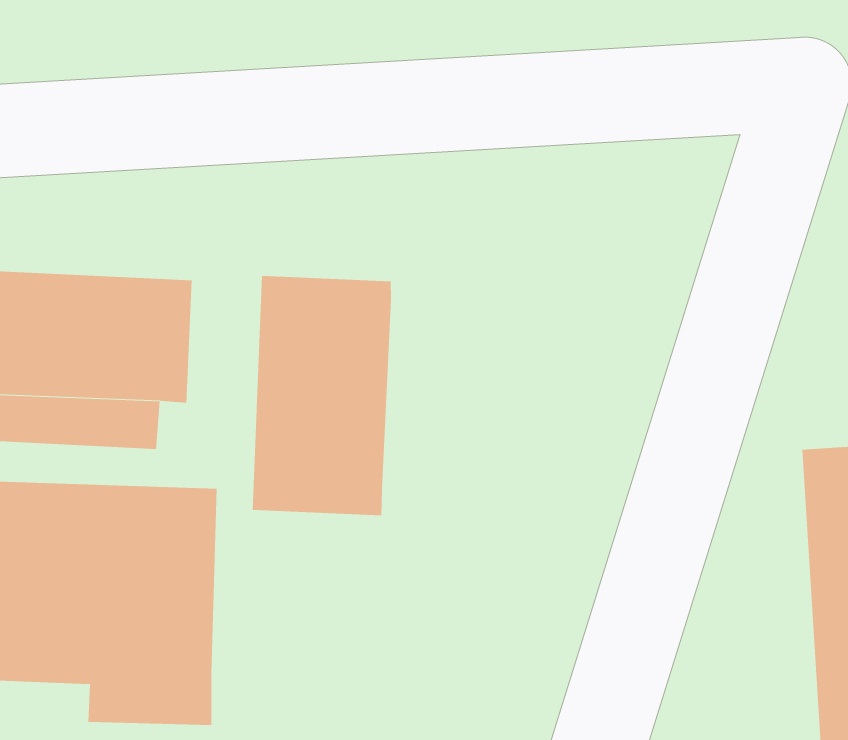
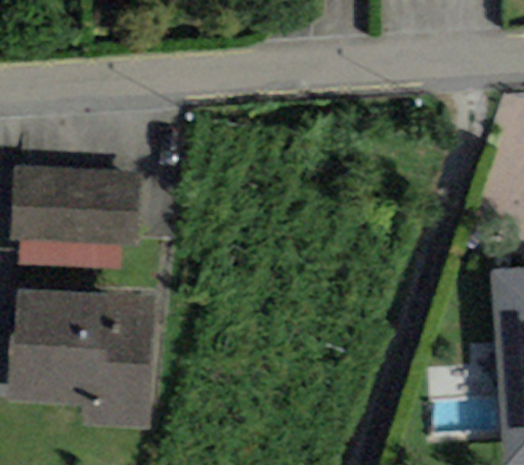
building: [252,275,391,516] -> none

